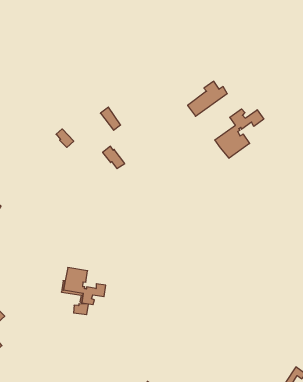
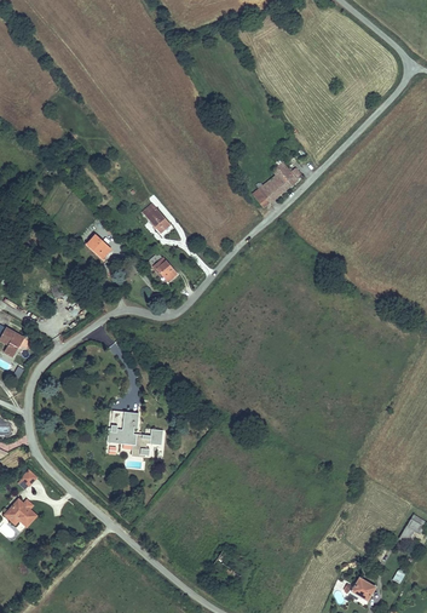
building: [215,109,264,158] -> none

